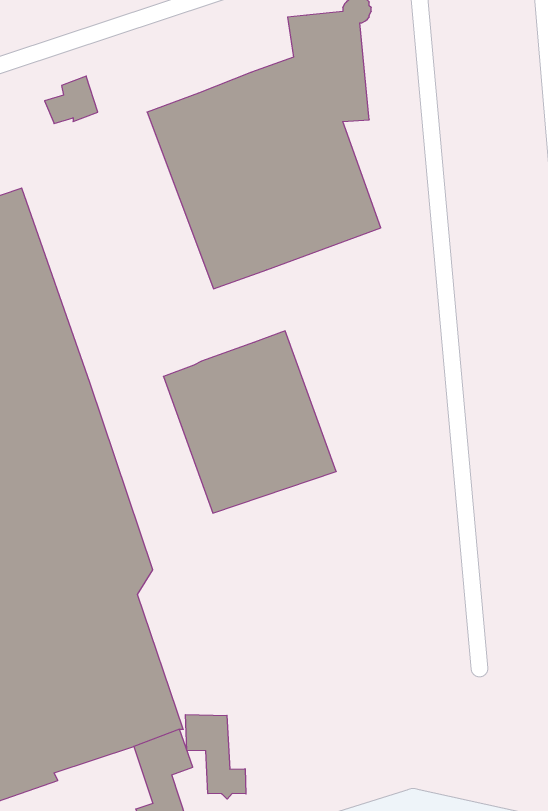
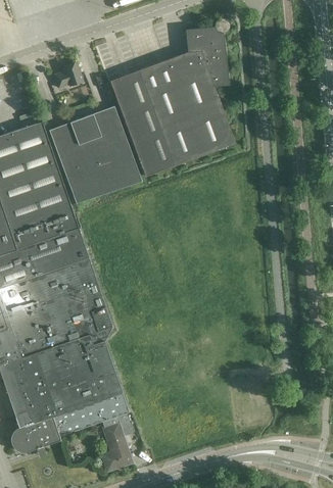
building: [163,331,336,513] -> [49,105,142,203]
building: [186,715,246,799] -> none

